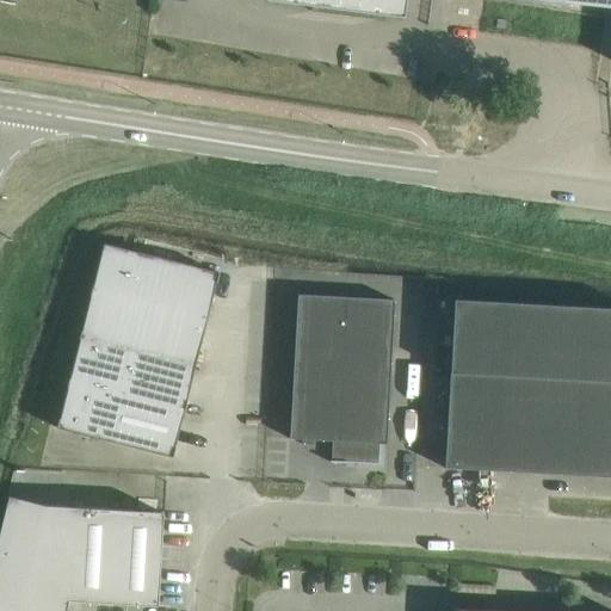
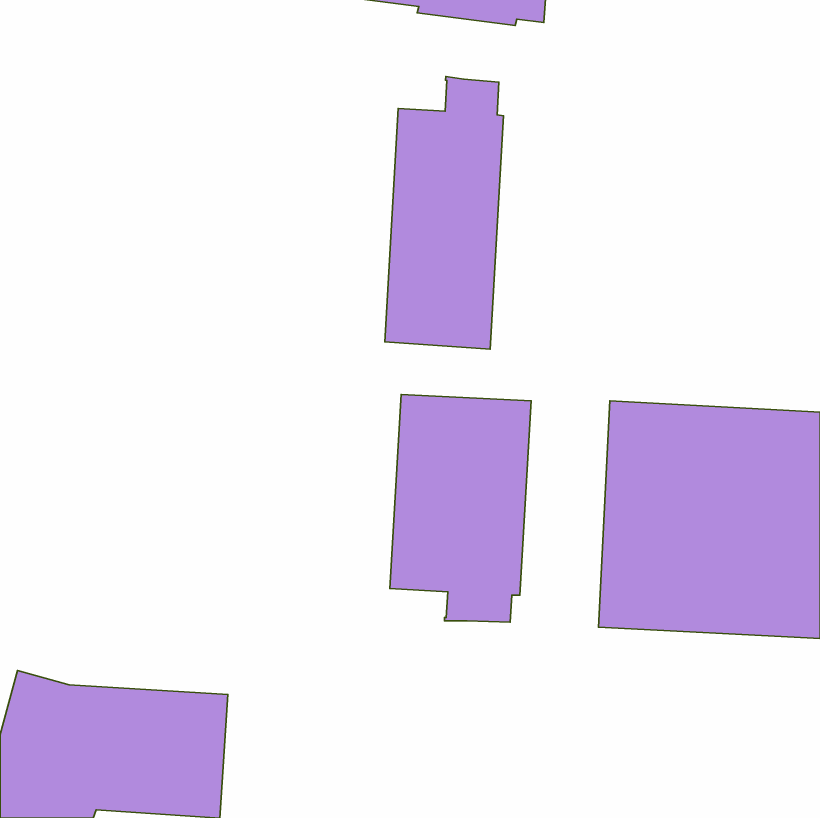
building: none -> [385,76,504,349]
building: [57,243,218,456] -> none

